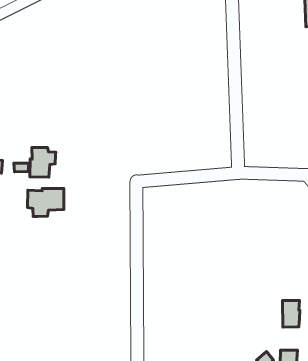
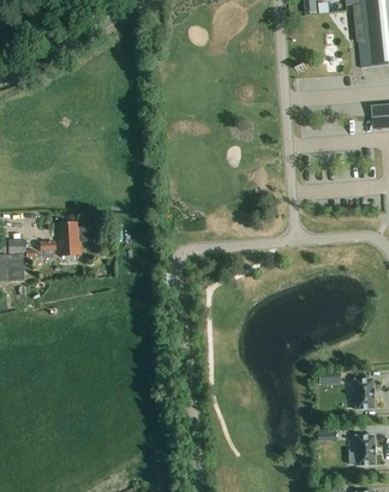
building: [28,188,64,217] -> none

